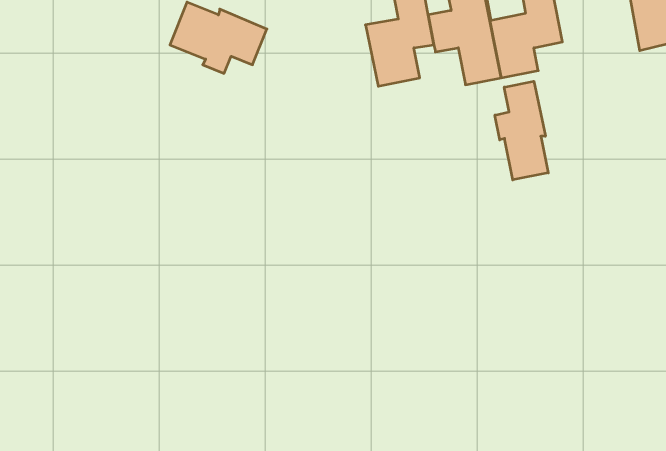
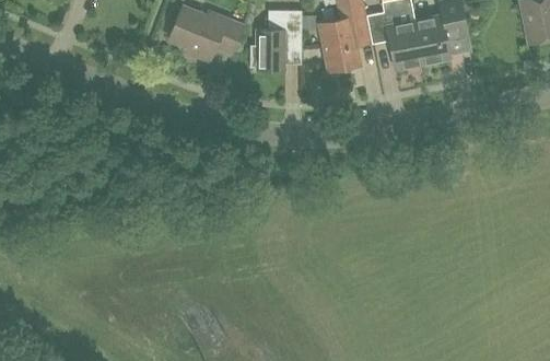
building: none -> [250,11,302,72]
building: [495,81,548,180] -> none

